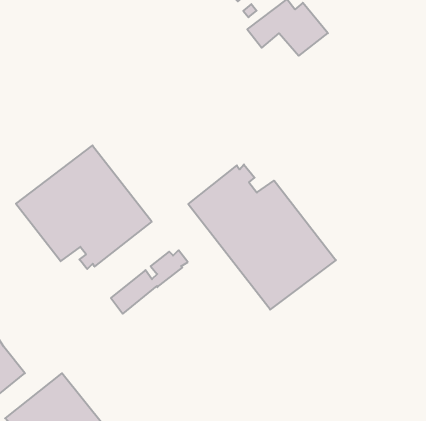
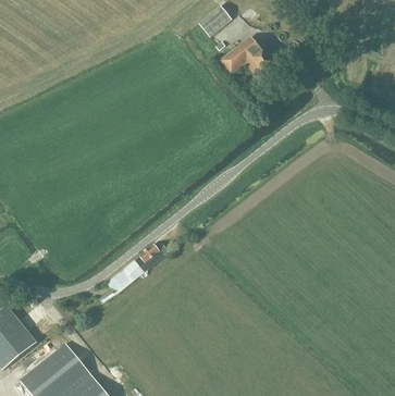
building: [16,145,152,269] -> none
building: [188,164,336,310] -> none

